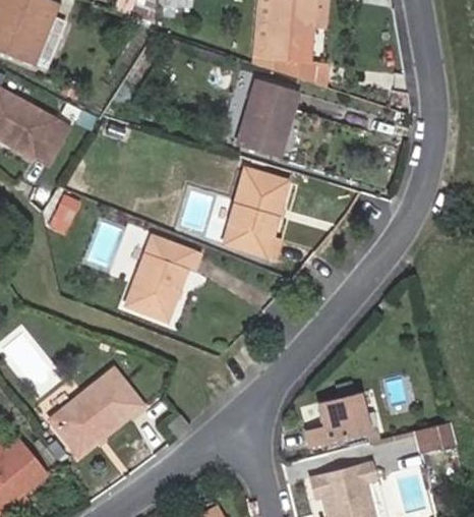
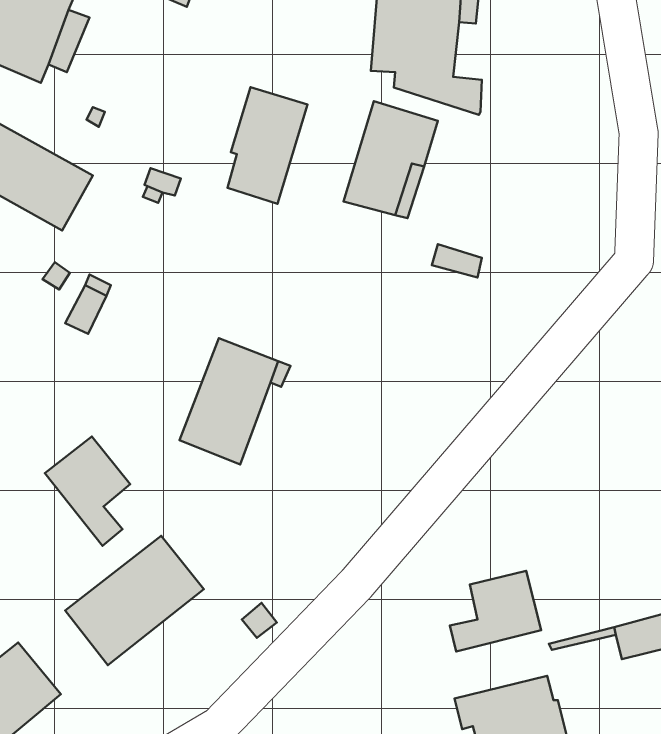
building: none -> [228,87,308,204]
building: [204,167,289,257] -> none
building: none -> [45,436,130,546]

